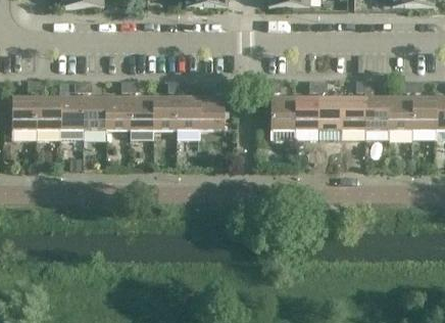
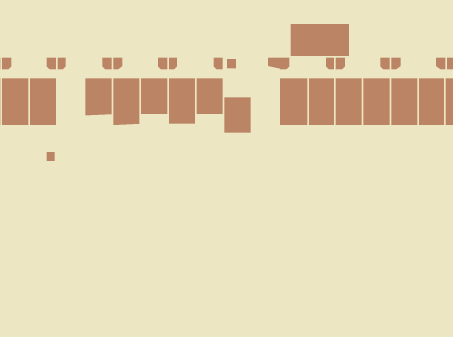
building: none -> [290,23,350,57]
building: [83,96,106,137] -> none
building: none -> [224,96,251,133]

